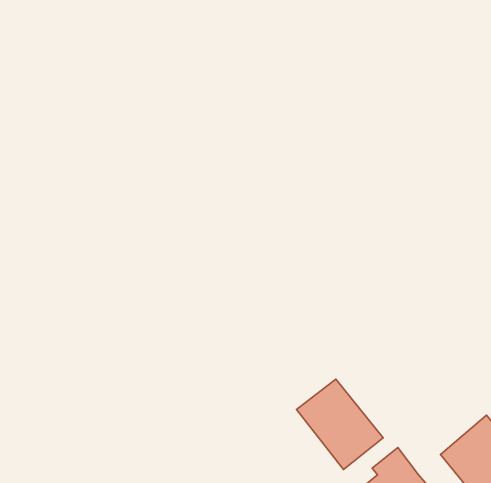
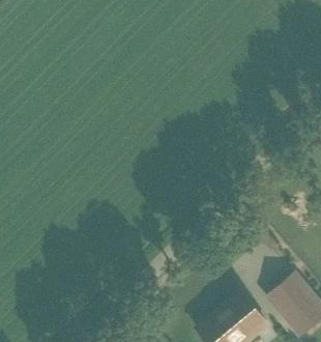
building: [297,379,383,470] -> none

